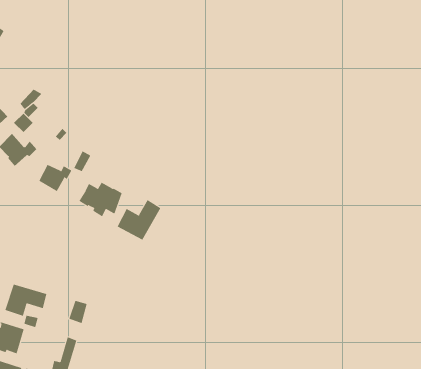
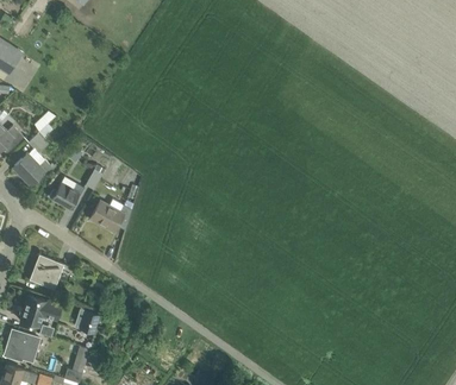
building: [117,199,161,240] -> none
building: none -> [30,254,62,290]

